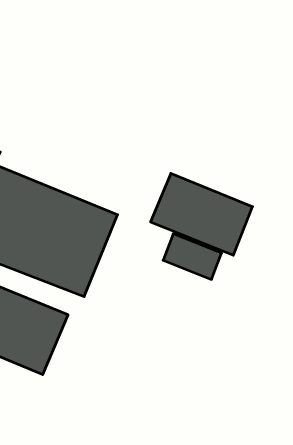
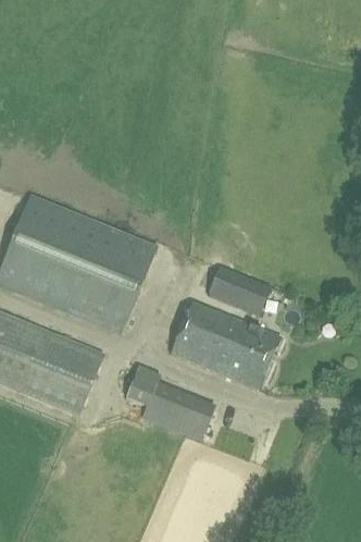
building: [151,173,253,255] -> [170,301,279,390]
building: none -> [124,366,215,440]

